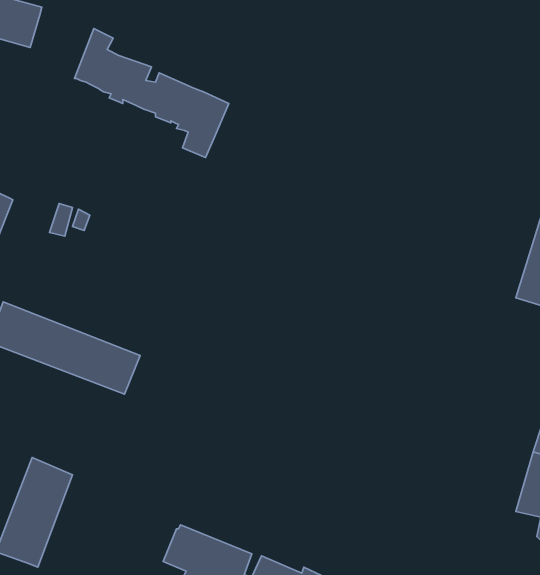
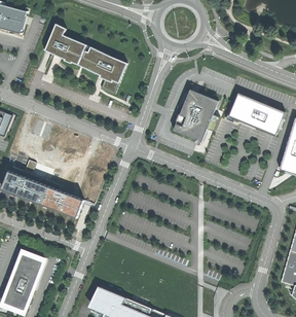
building: none -> [172,90,217,142]
building: none -> [228,94,283,134]

